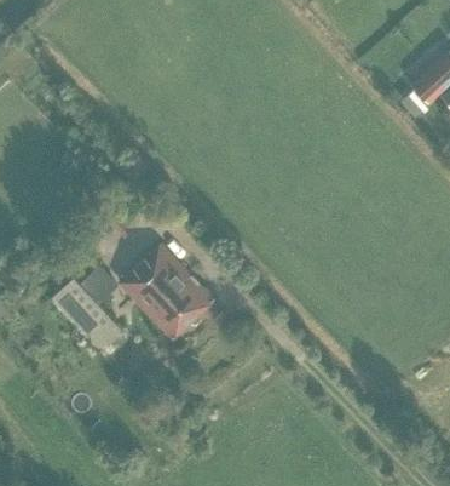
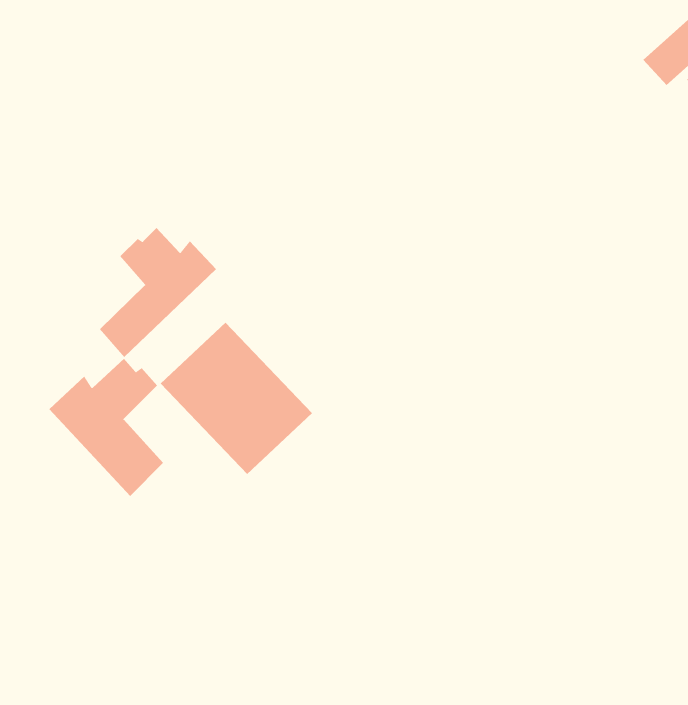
building: none -> [99,227,217,358]

